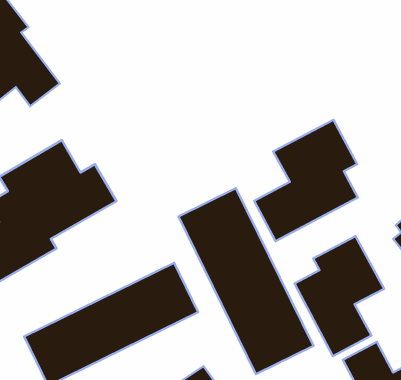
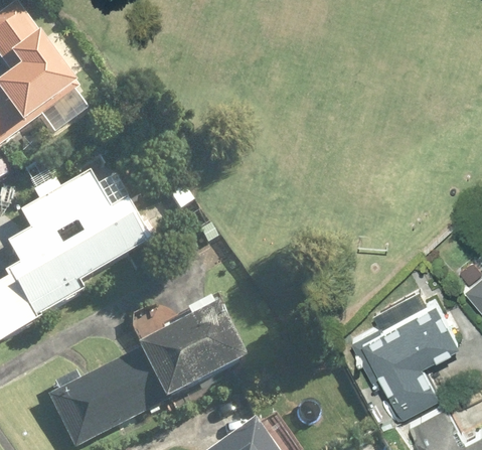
building: [254,120,358,241] -> none
building: [178,188,313,374] -> none

